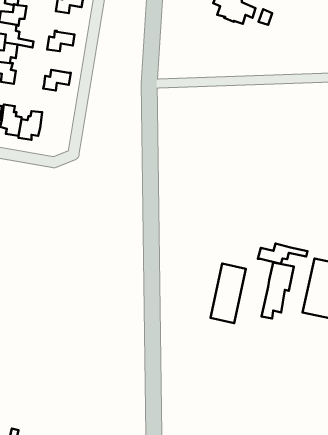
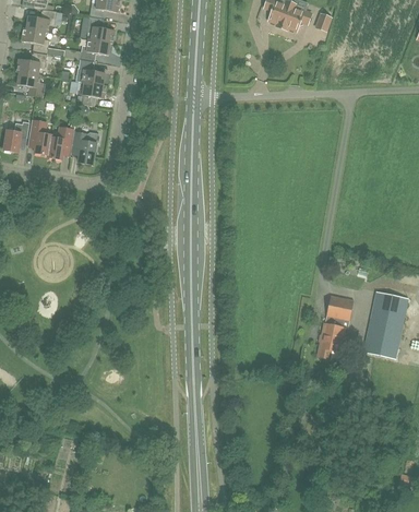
building: none -> [87,15,115,41]
building: none -> [77,58,106,84]
building: none -> [74,131,99,163]
building: [258,244,308,264] -> none
building: [211,264,246,323] -> none

